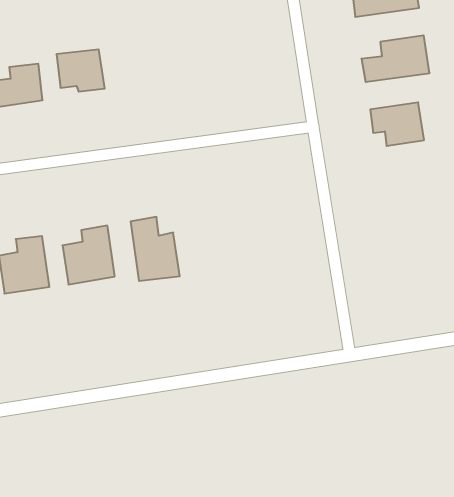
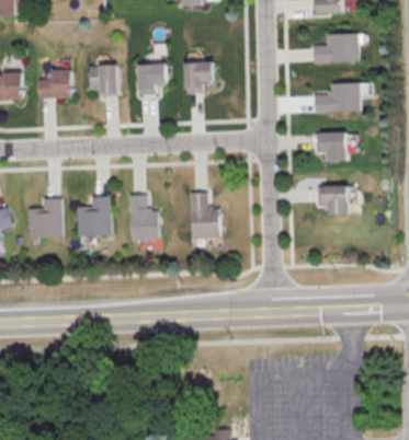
building: none -> [183,62,218,93]
building: none -> [136,63,170,94]
building: none -> [318,186,355,215]
building: none -> [190,192,221,239]

